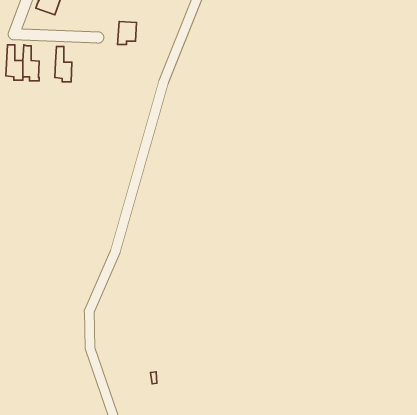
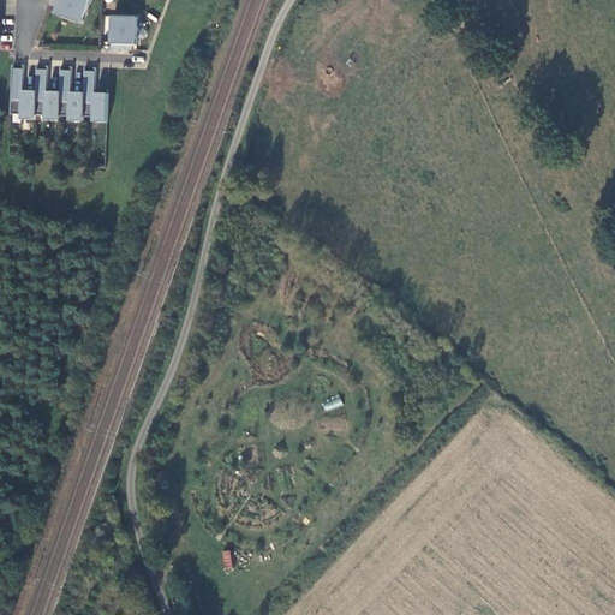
building: [118,22,136,44] -> [108,14,136,48]
building: none -> [56,67,82,120]

